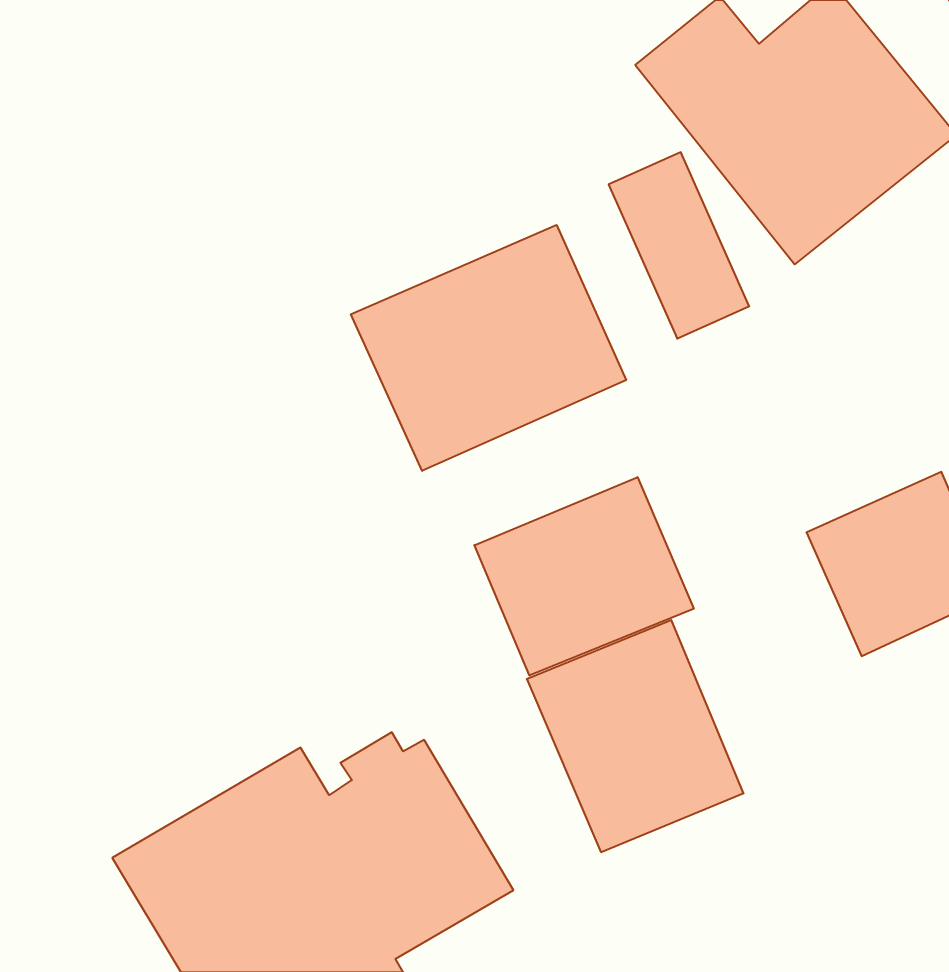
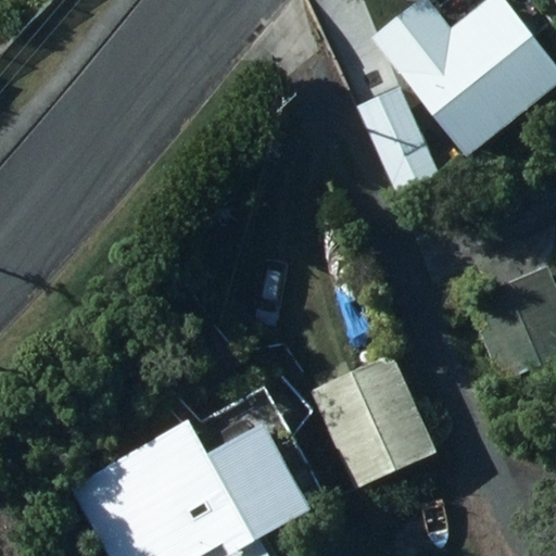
building: [351,225,626,471] -> none
building: [474,477,694,676] -> none

